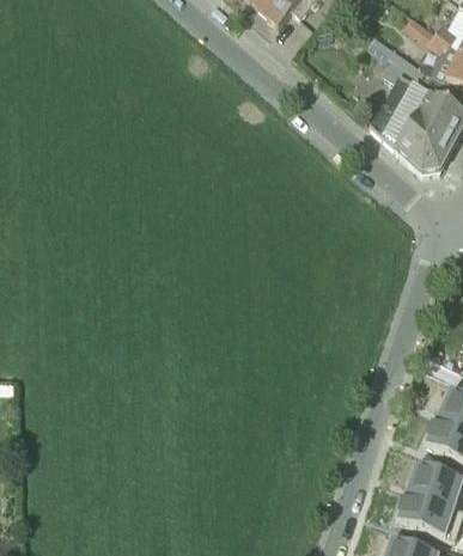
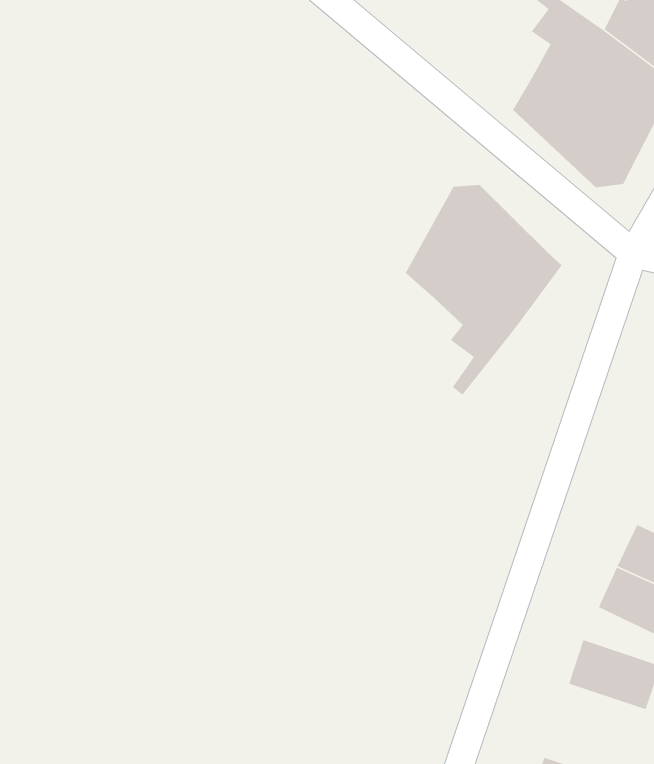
building: none -> [405,184,563,396]
building: [395,489,455,533] -> none

